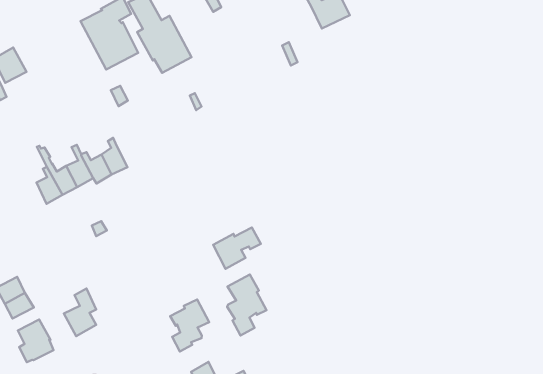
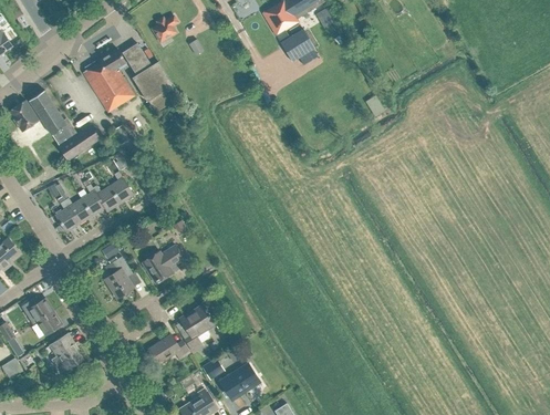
building: none -> [29,90,100,160]
building: [213,228,261,269] -> [143,245,184,282]
building: [227,275,267,336] -> none
building: [64,288,96,336] -> [104,256,133,298]
building: none -> [148,334,189,363]

